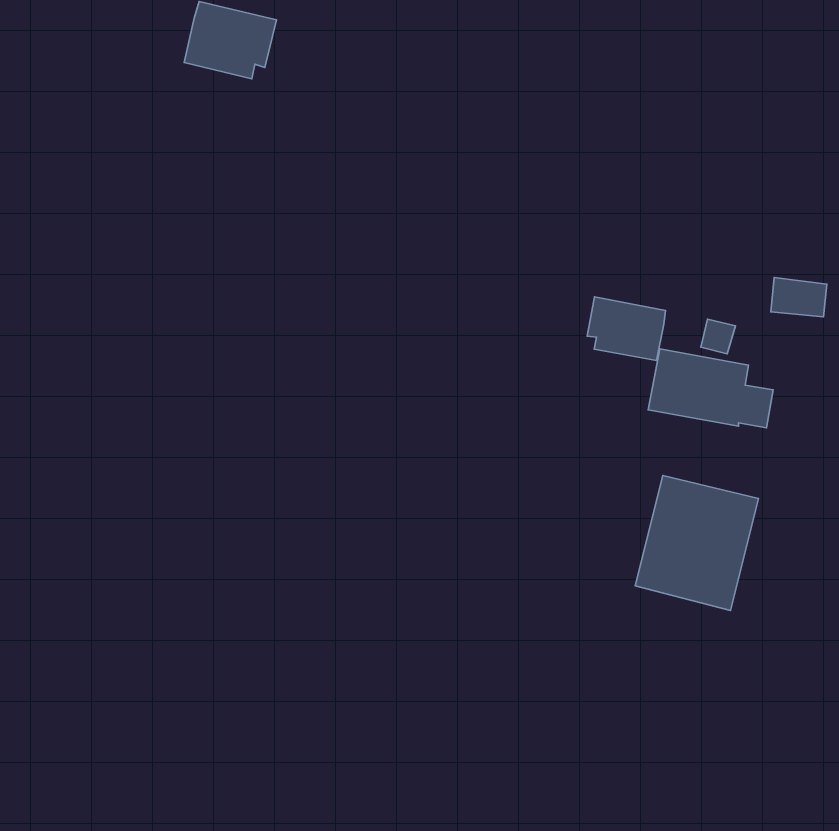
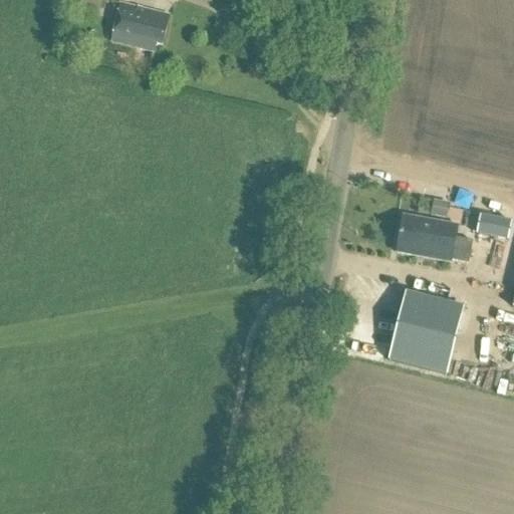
building: [771,277,827,317] -> [474,211,508,235]
building: [587,297,666,361] -> none

